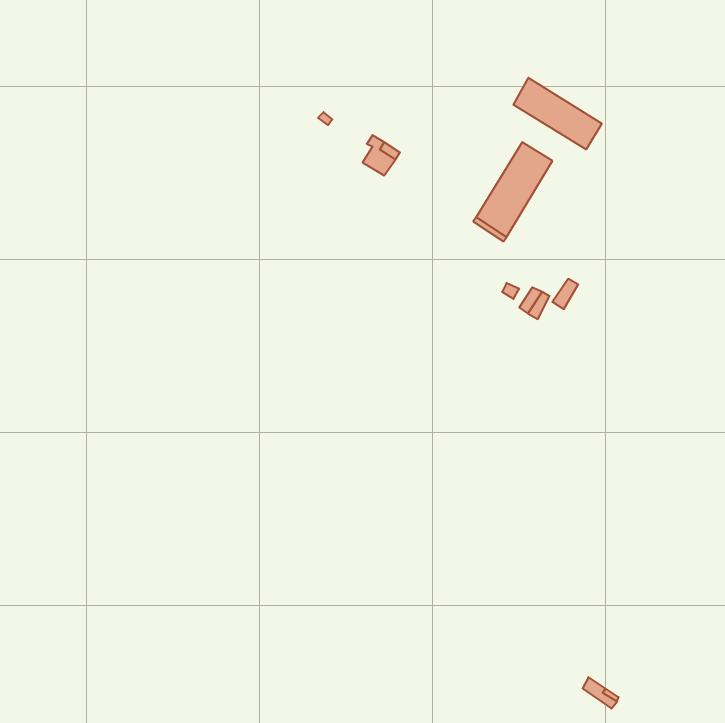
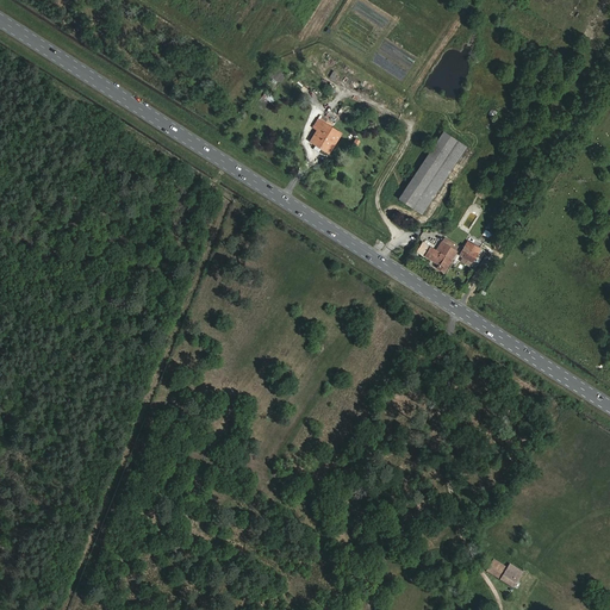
building: [513,78,602,149] -> none

